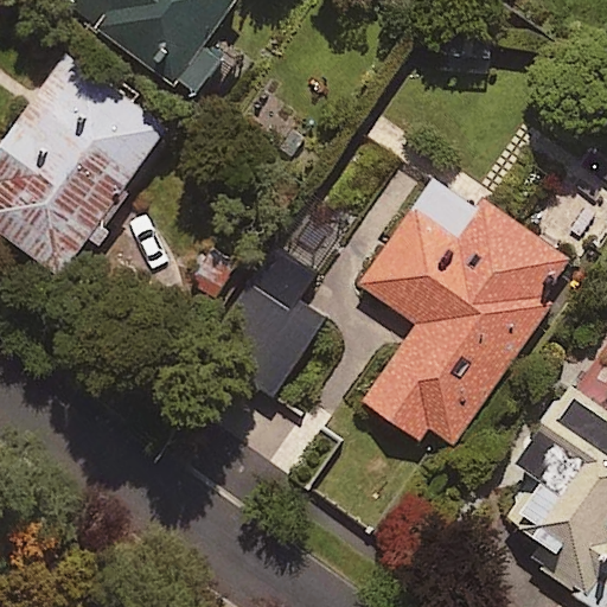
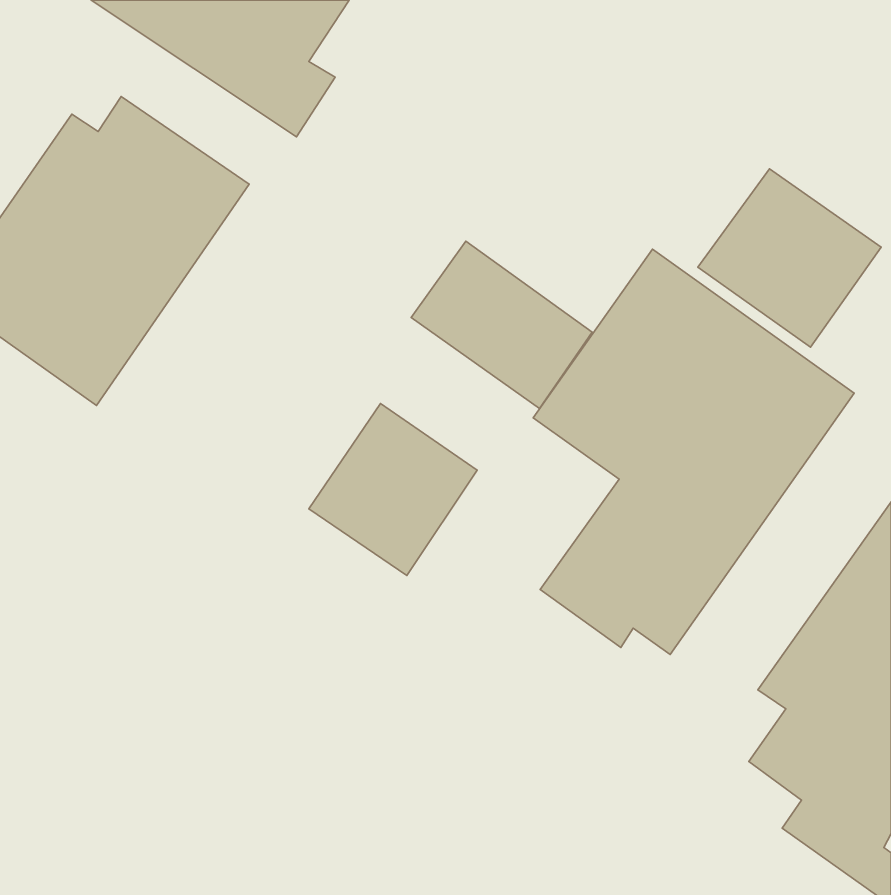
building: none -> [698,169,881,347]
building: none -> [411,241,592,408]

